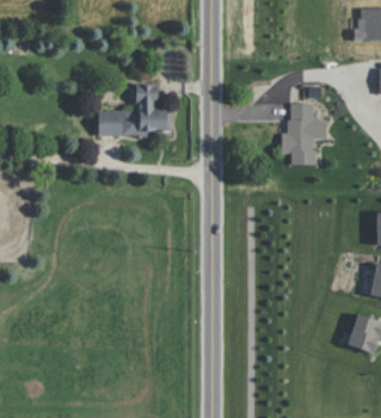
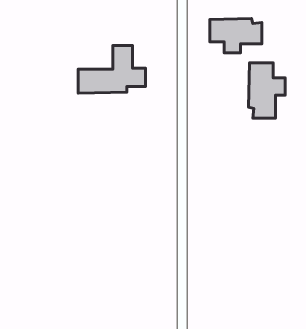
building: none -> [210,19,262,53]

